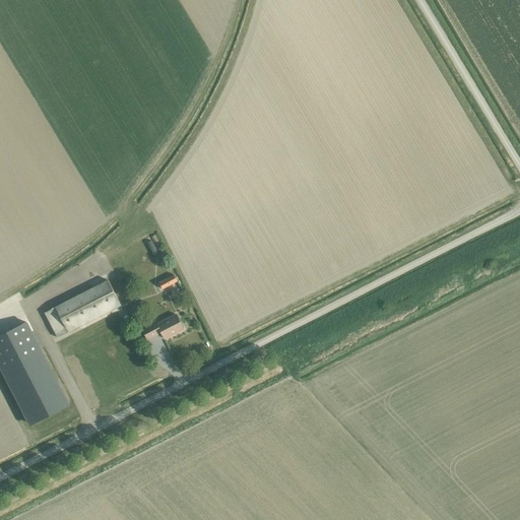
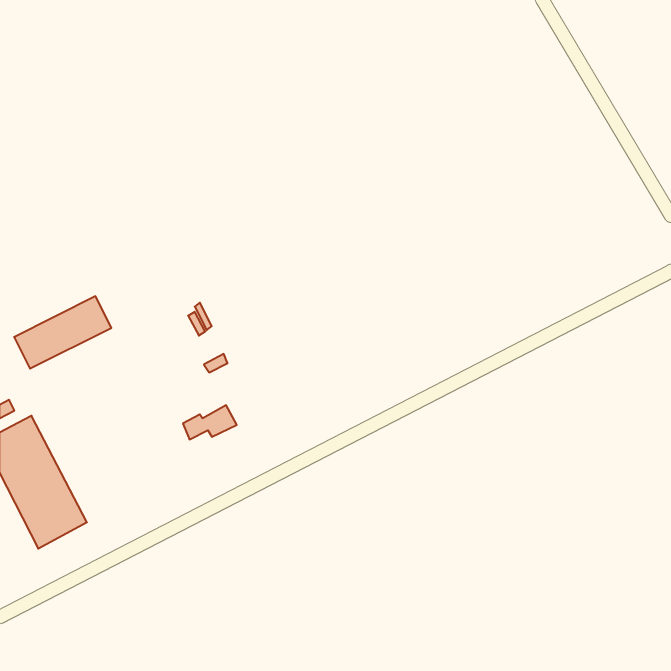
building: [45,279,120,335] -> [14,296,111,369]

